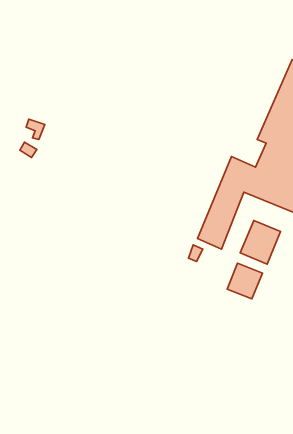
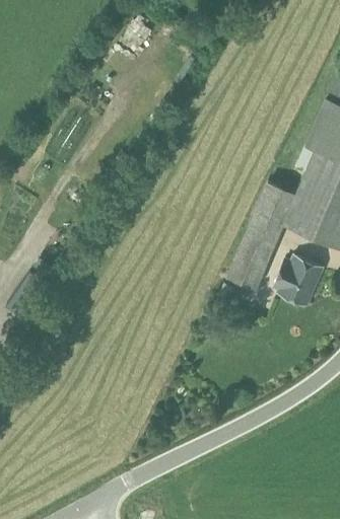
building: [227,263,262,299] -> none

